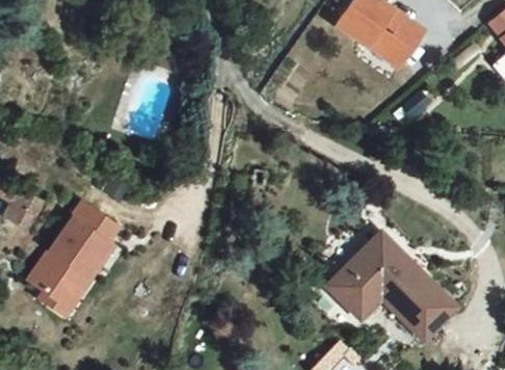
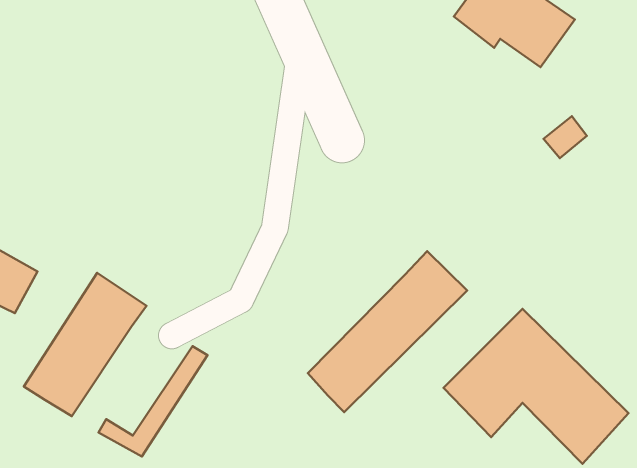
building: none -> [308,251,467,412]
building: [42,236,117,313] -> [99,346,208,456]

